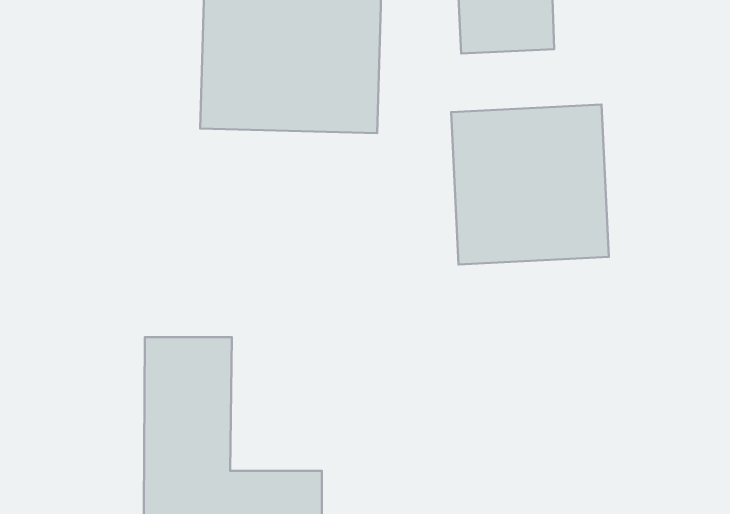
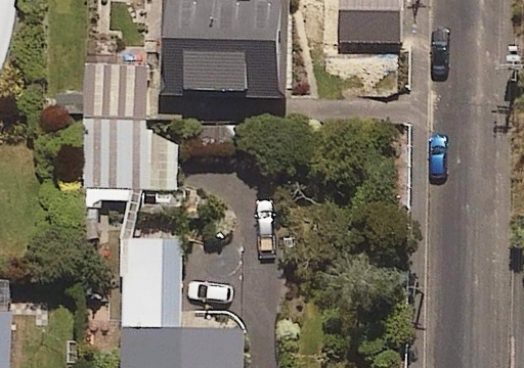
building: none -> [85,64,177,192]
building: [451,105,609,265] -> none

